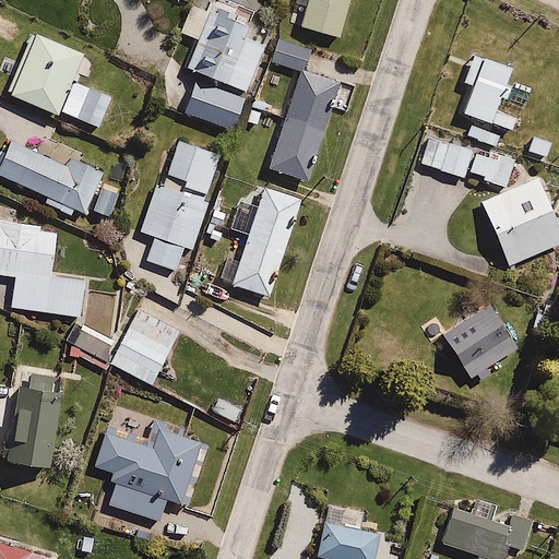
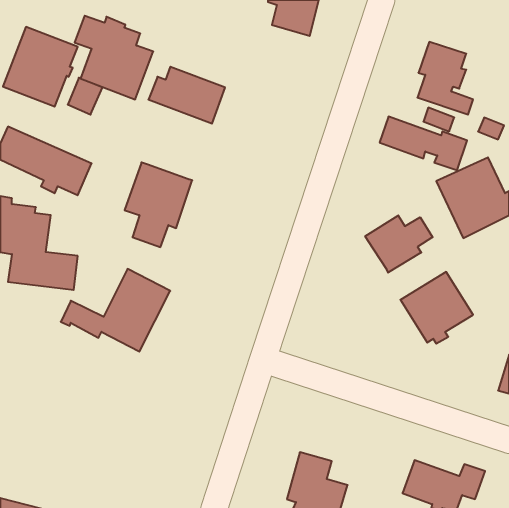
building: [180,5,266,97] -> [75,16,153,99]
building: [267,31,345,180] -> none
building: [162,138,222,198] -> none
building: [218,188,300,300] -> none
building: none -> [365,215,433,273]
building: [5,386,63,463] -> none
building: [92,424,206,524] -> none

